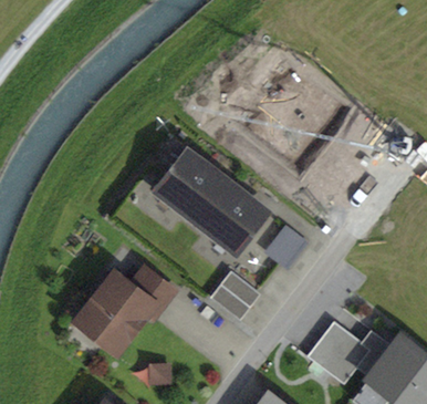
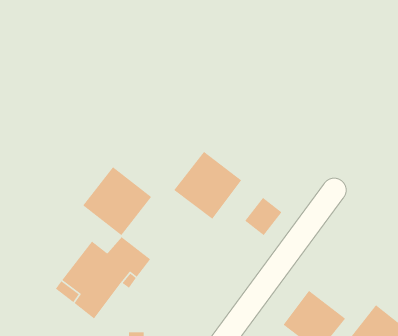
building: [156,151,227,221] -> [82,166,152,236]
building: [210,272,257,318] -> none

